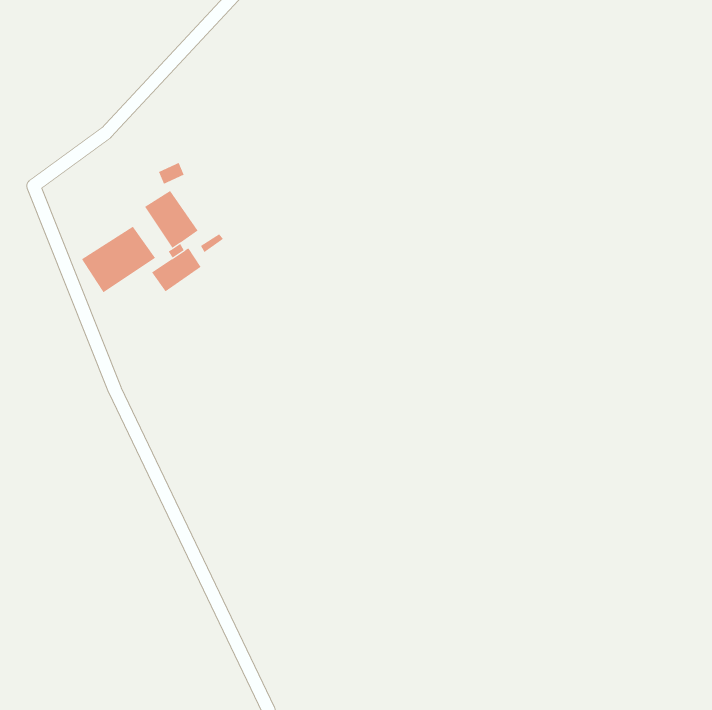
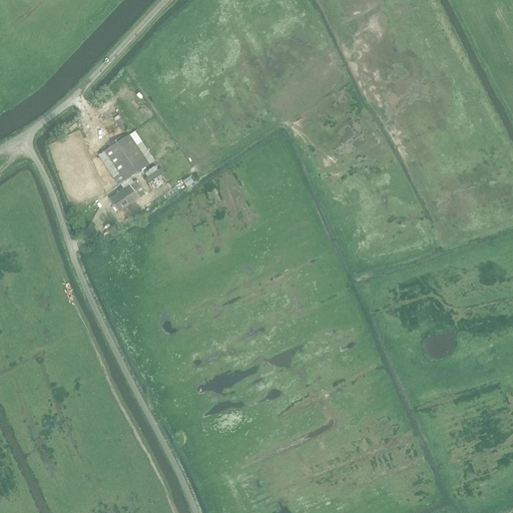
building: [81,226,156,293] -> none

